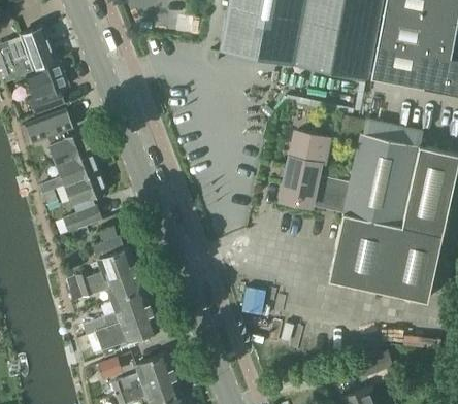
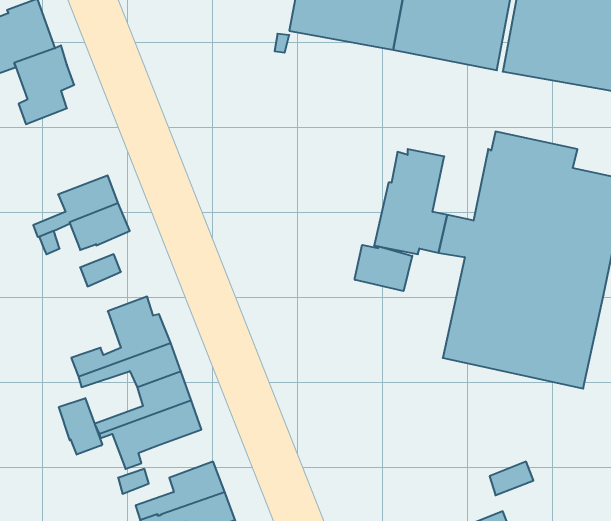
building: [26,111,92,166] -> none
building: none -> [355,245,412,291]
building: none -> [59,398,102,455]

